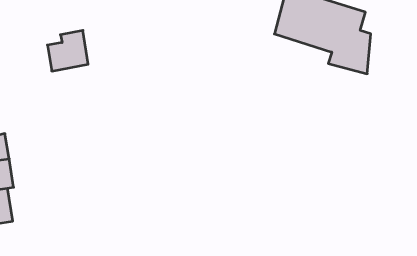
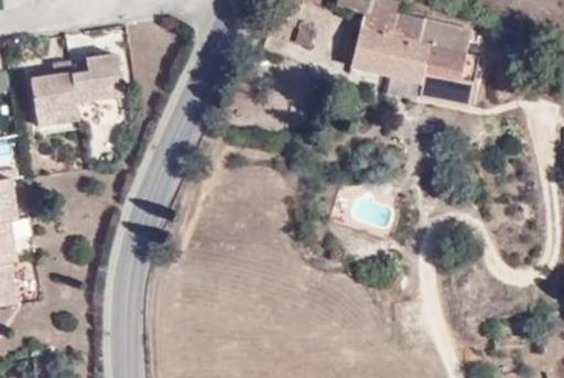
building: none -> [26,64,69,117]

